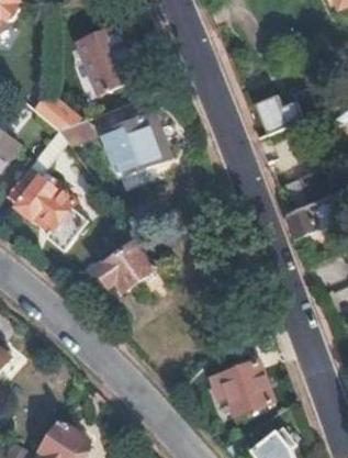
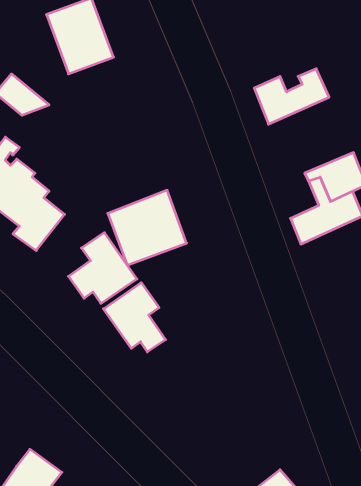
building: [102,112,169,176] -> [108,190,187,265]
building: none -> [103,283,166,352]
building: [209,359,271,414] -> none

